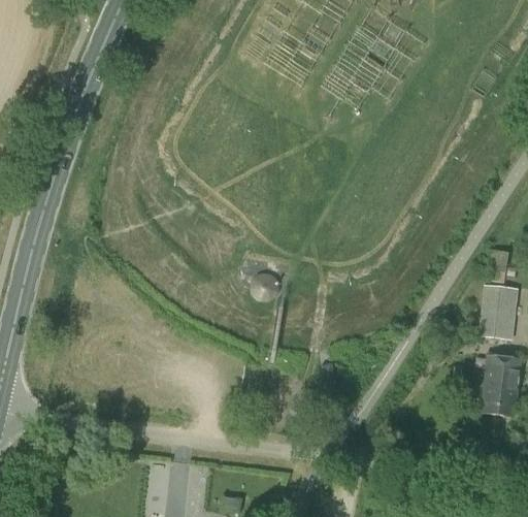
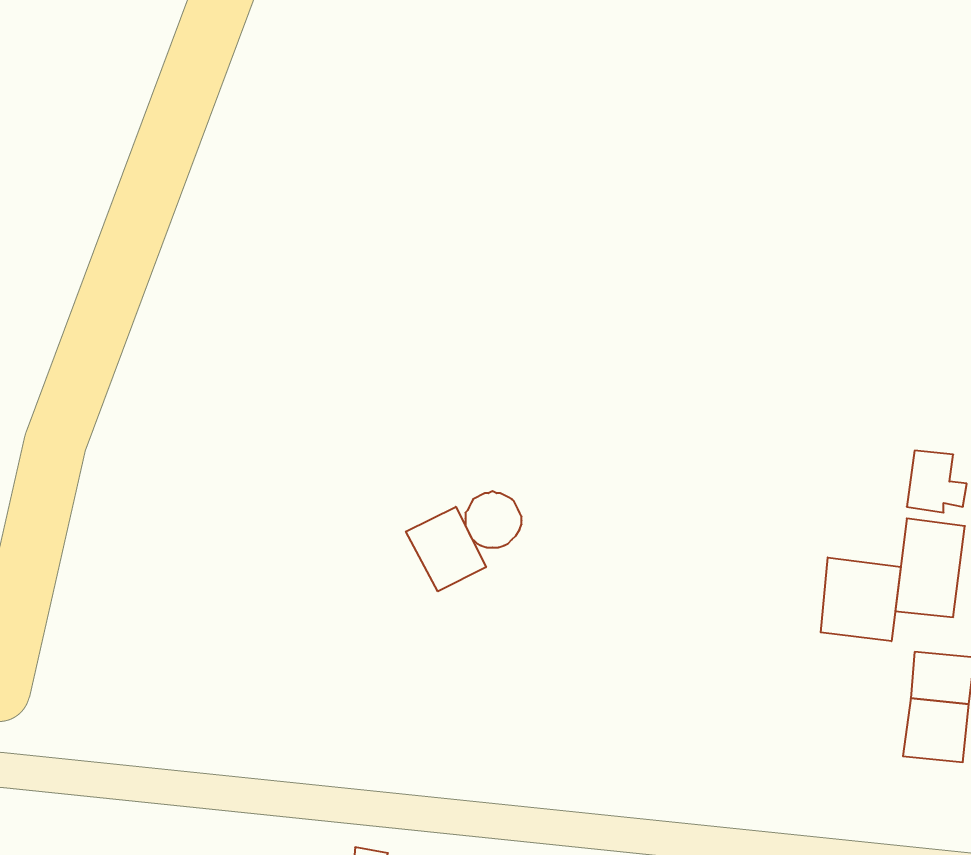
building: none -> [406,507,486,591]
building: none -> [821,557,901,641]

